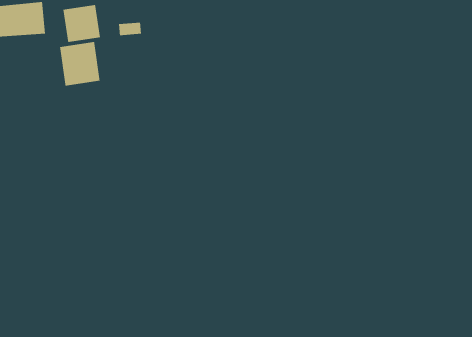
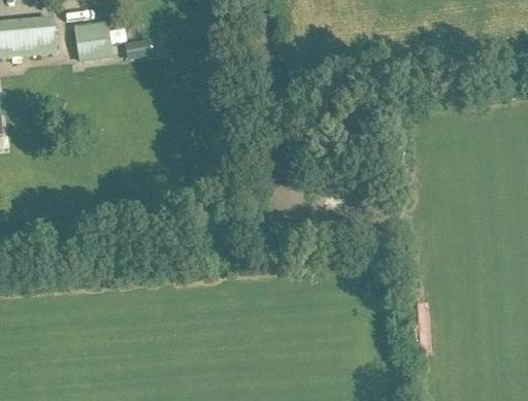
building: [59,41,100,86] -> none

